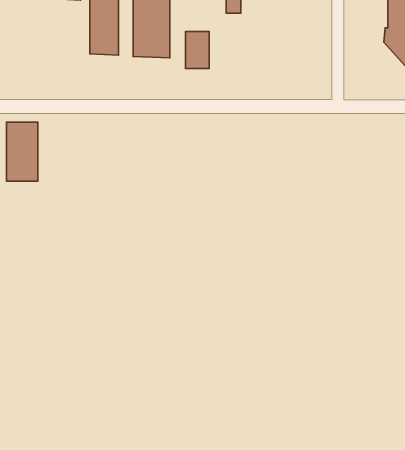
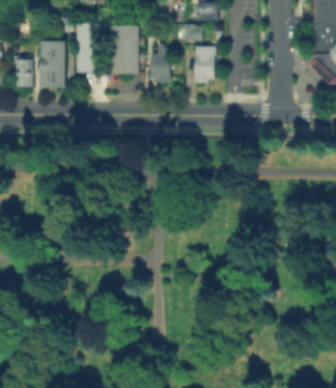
building: none -> [195,49,216,83]
building: none -> [16,59,32,88]
building: [6,122,38,181] -> [39,39,64,86]

